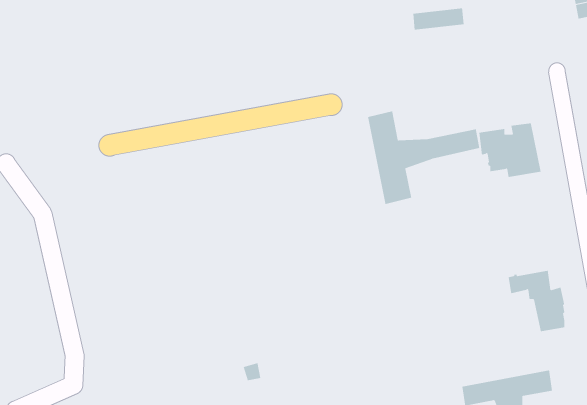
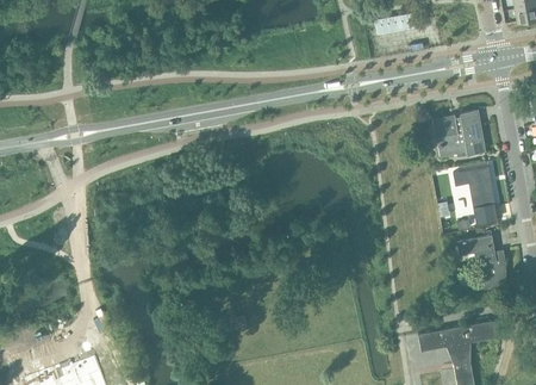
building: [367,110,480,205] -> none
building: none -> [453,166,497,224]

